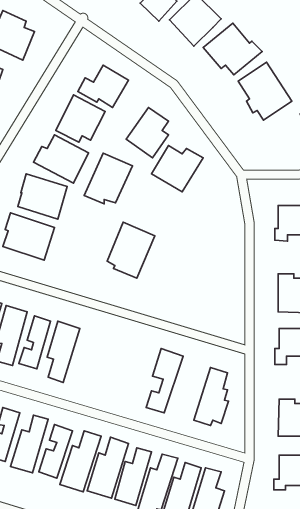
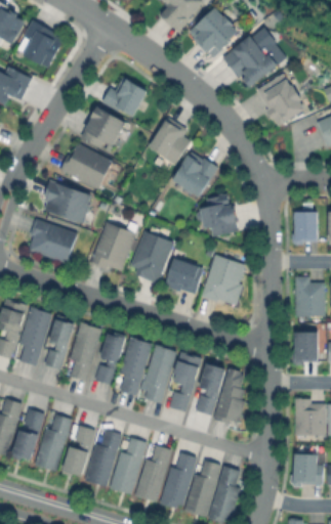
building: [84,153,133,204] -> [89,222,136,271]
building: none -> [199,192,238,235]
building: none -> [164,255,206,298]
building: none -> [201,256,245,309]
building: none -> [94,329,126,385]
building: none -> [120,334,153,396]
building: none -> [139,345,177,403]
building: none -> [193,360,226,417]

